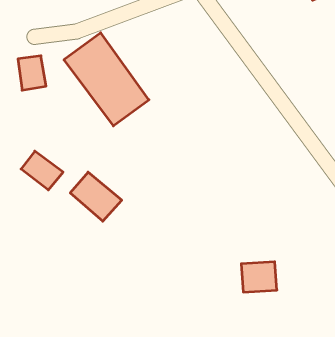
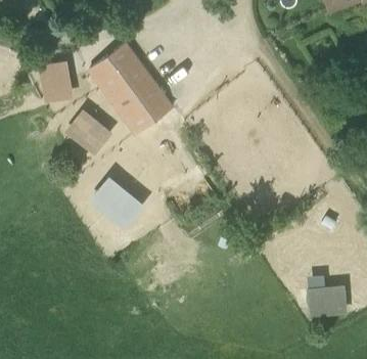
building: [21,151,63,190] -> [68,114,109,151]
building: [241,262,277,292] -> [310,286,345,316]

